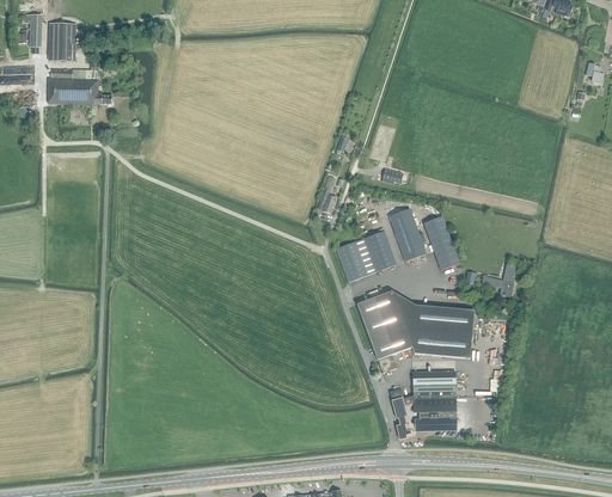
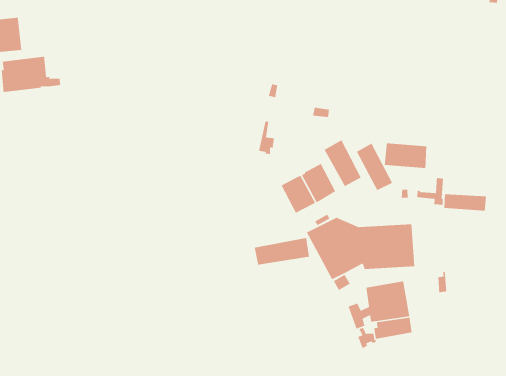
building: none -> [384,142,427,169]
building: none -> [443,194,487,212]
building: none -> [254,237,310,266]

